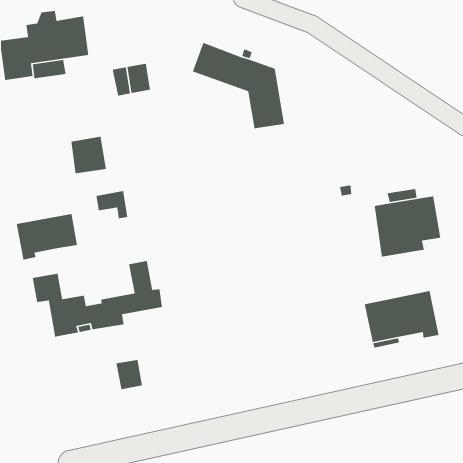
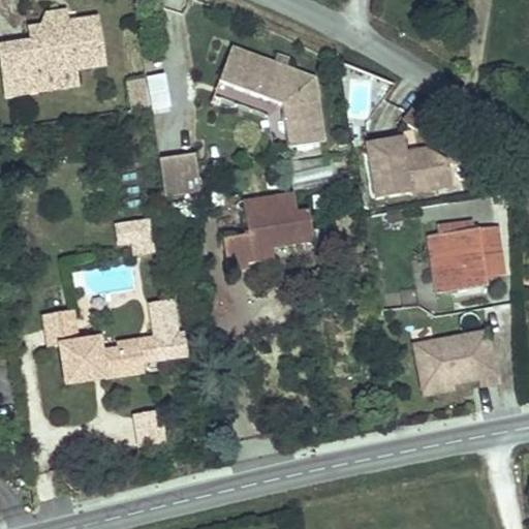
building: none -> [371,134,457,195]
building: [70,136,107,174] -> [159,152,200,195]
building: none -> [221,194,315,272]
building: [16,213,78,261] -> none

